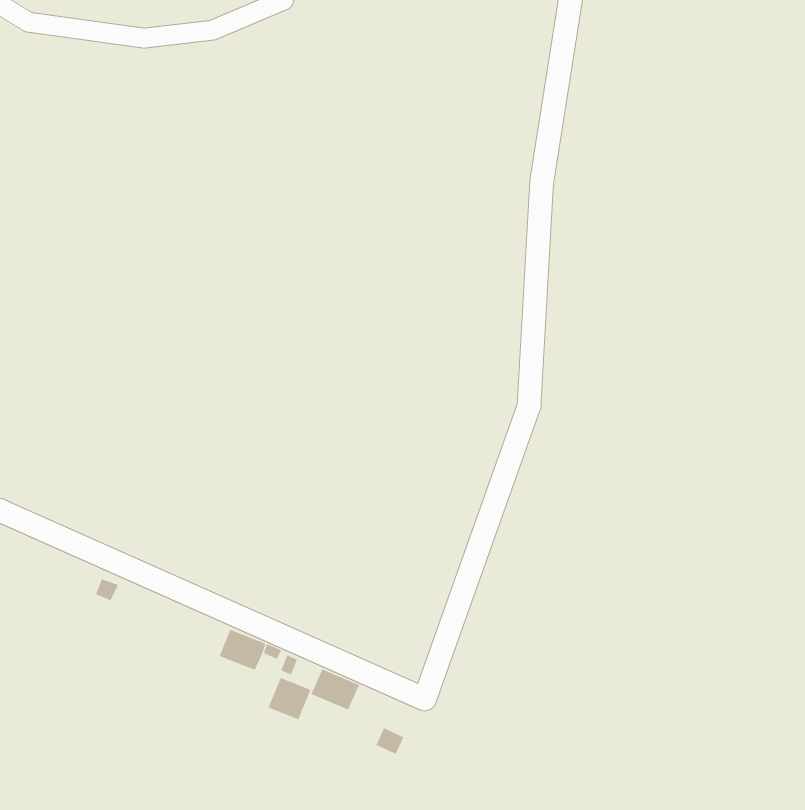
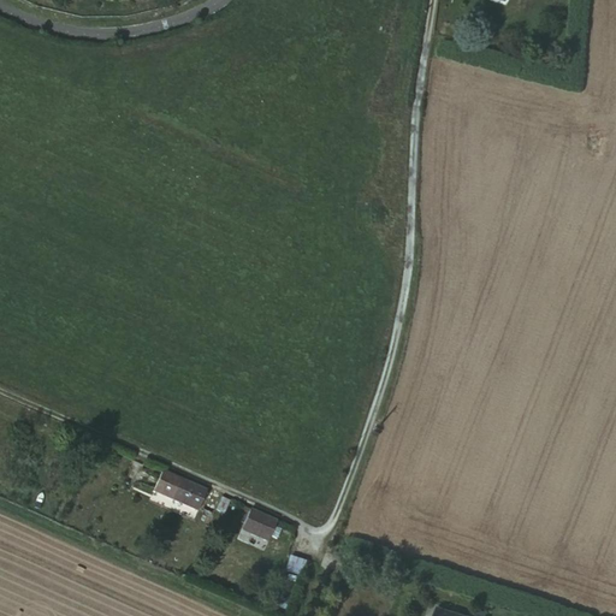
building: [268,677,311,720] -> none

